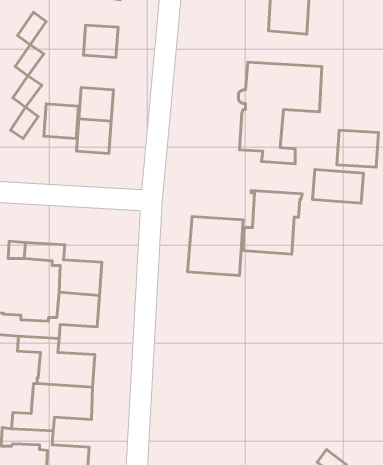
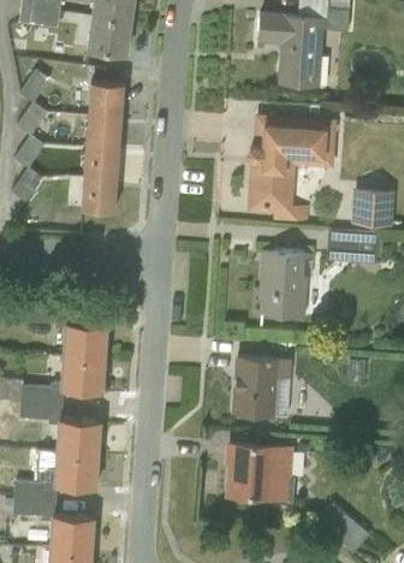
building: [44,104,79,138] -> [85,111,121,147]
building: [187,216,243,275] -> [233,356,291,417]
building: none -> [227,445,295,505]

